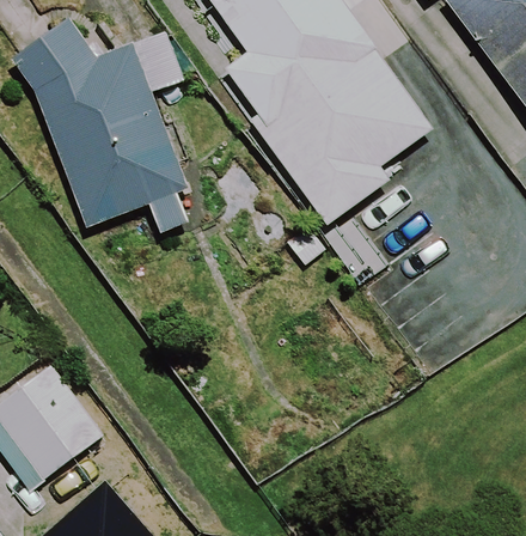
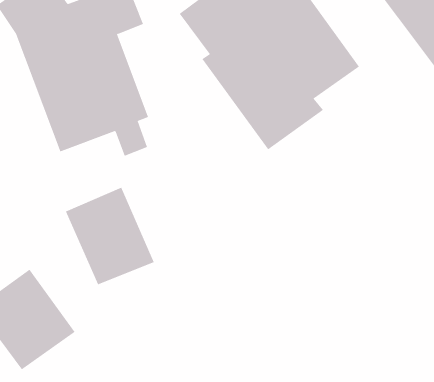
building: none -> [65,187,155,285]

